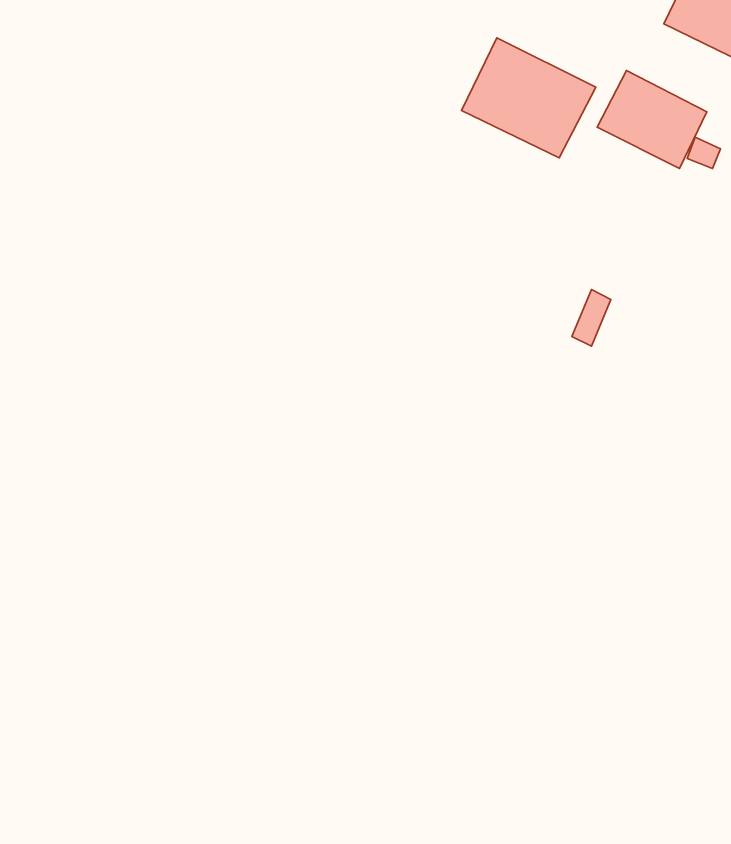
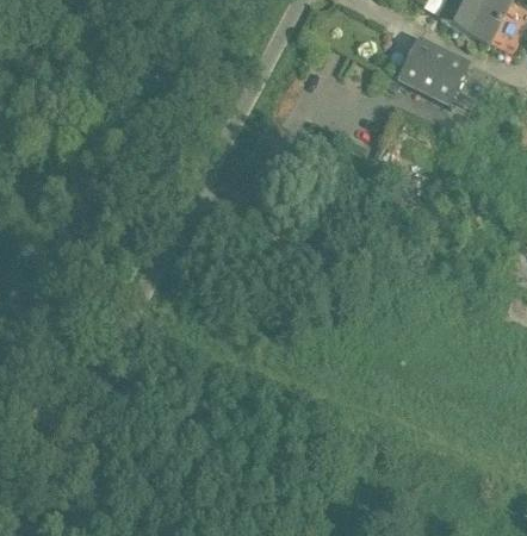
building: [462,38,596,158] -> none

